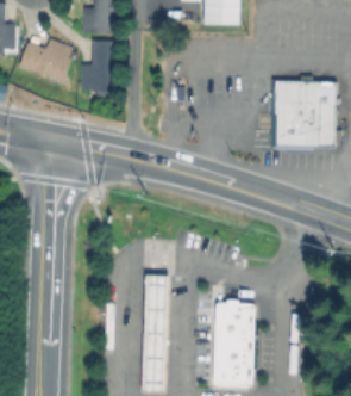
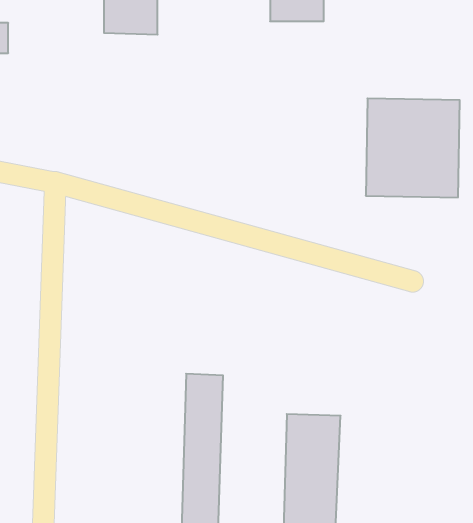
building: [18,37,76,83] -> none
building: [81,39,119,88] -> none

